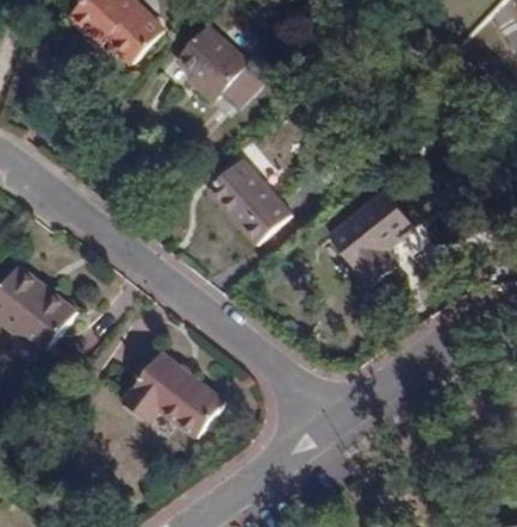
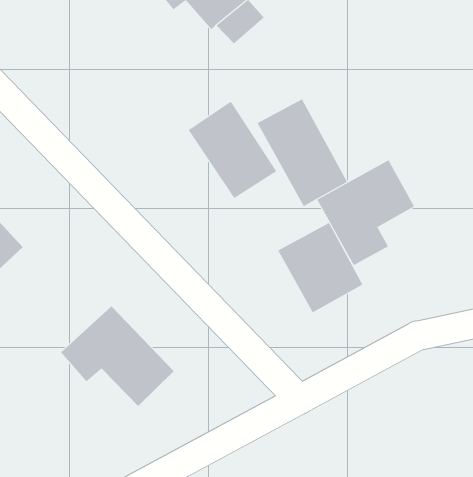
building: none -> [257,99,348,207]
building: none -> [277,222,363,313]

